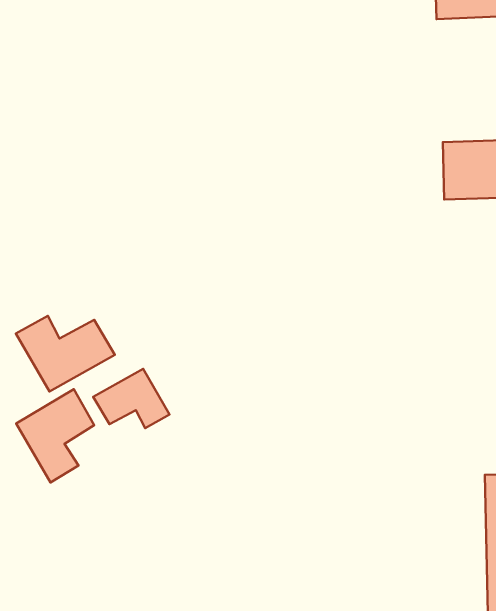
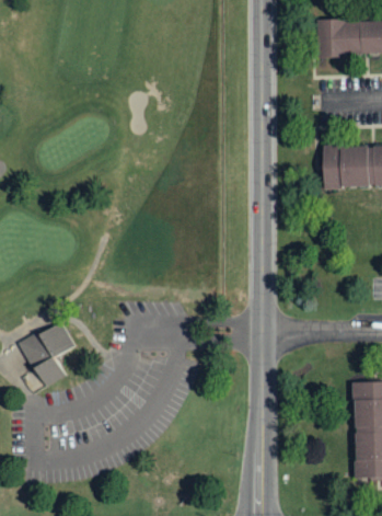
building: [16,316,115,392] -> none
building: [93,369,170,428] -> none

